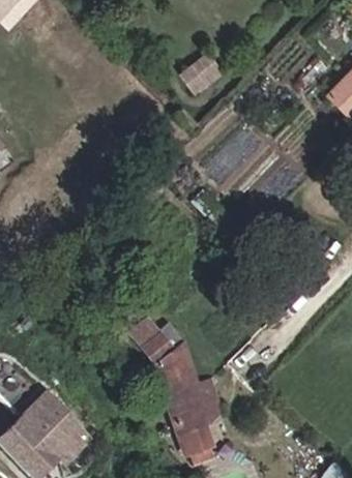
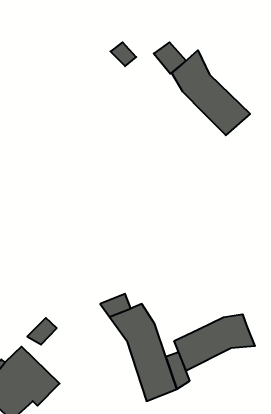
building: none -> [172,50,250,135]
building: none -> [174,314,255,371]

